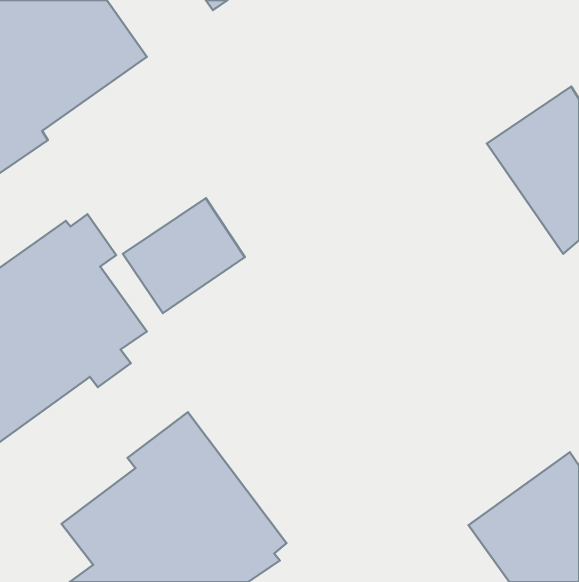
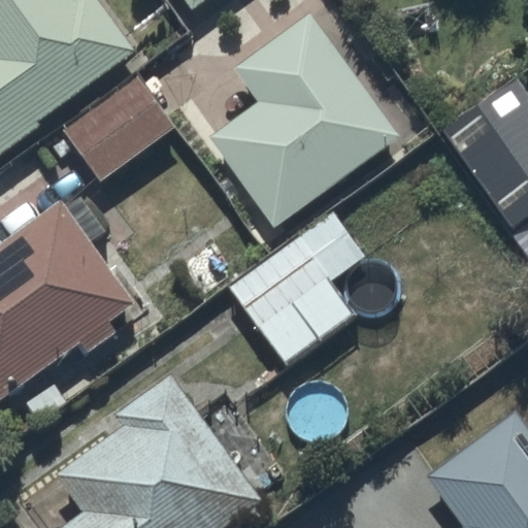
building: none -> [210,12,399,226]
building: [123,198,245,313] -> [64,76,174,180]
building: none -> [230,212,364,362]

